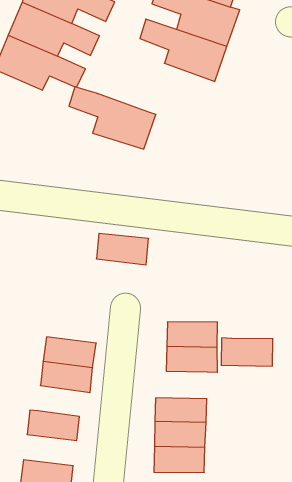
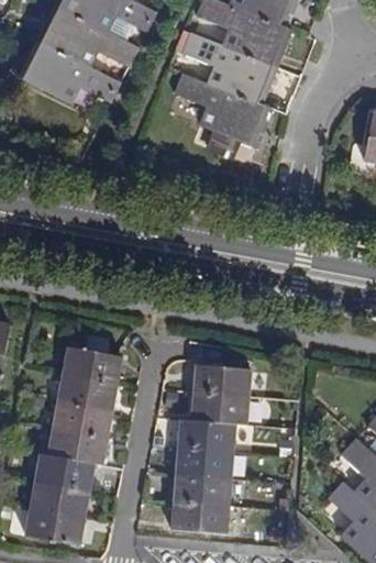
building: [69,87,156,149] -> [176,73,270,145]
building: [96,233,149,265] -> [62,346,120,384]
building: [221,338,273,366] -> [177,418,235,452]
building: none -> [47,427,106,464]
building: none -> [29,479,88,517]

